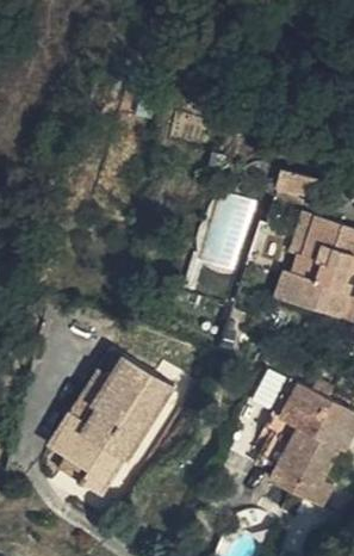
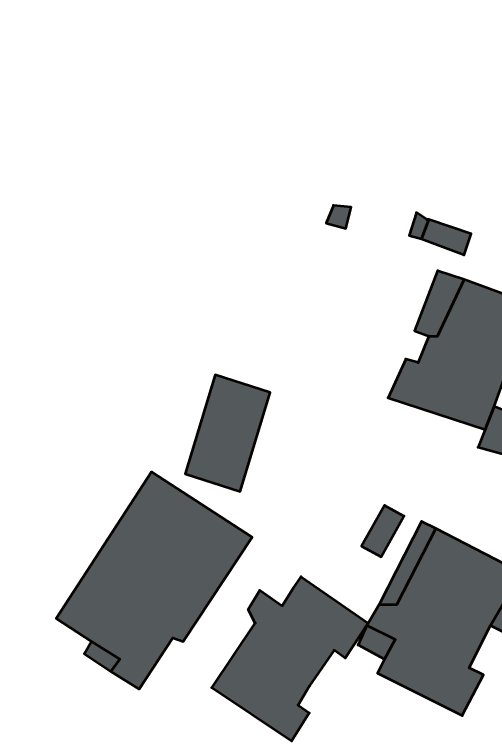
building: [197,191,254,270] -> [185,375,270,491]
building: none -> [212,577,368,741]

